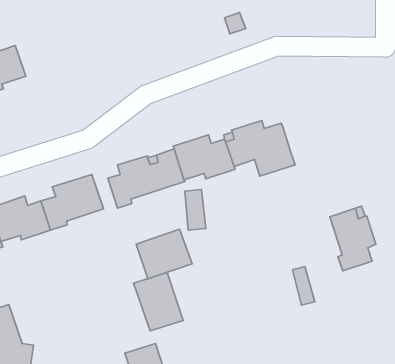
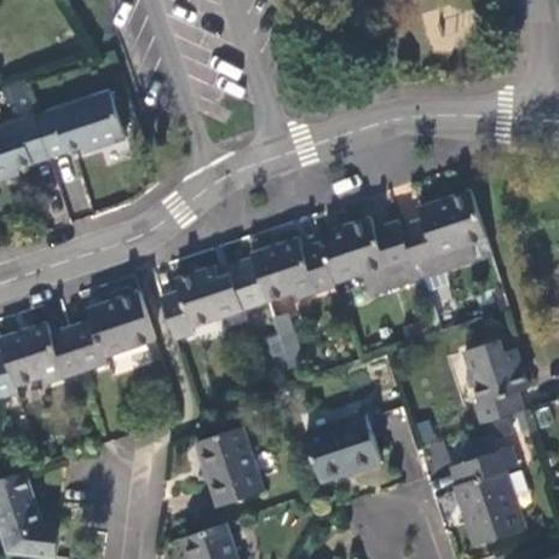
building: none -> [33,92,125,159]
building: none -> [399,192,490,281]
building: [136,229,192,279] -> [304,415,380,483]
building: none -> [450,448,521,546]

